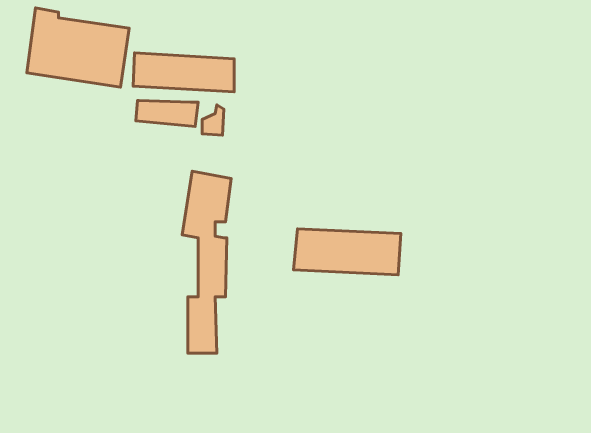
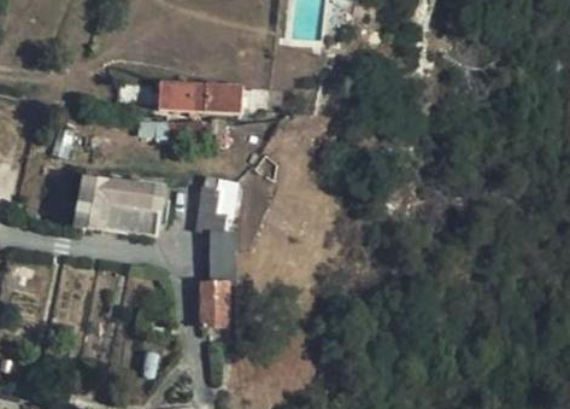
building: [27,8,129,87] -> [76,171,161,238]
building: [294,229,401,275] -> none

